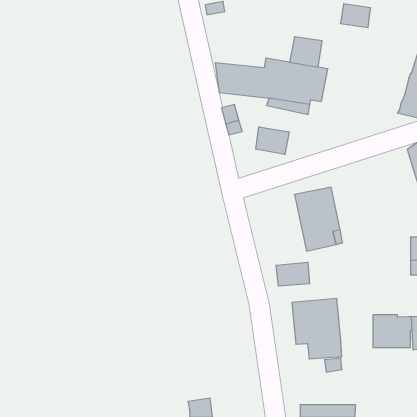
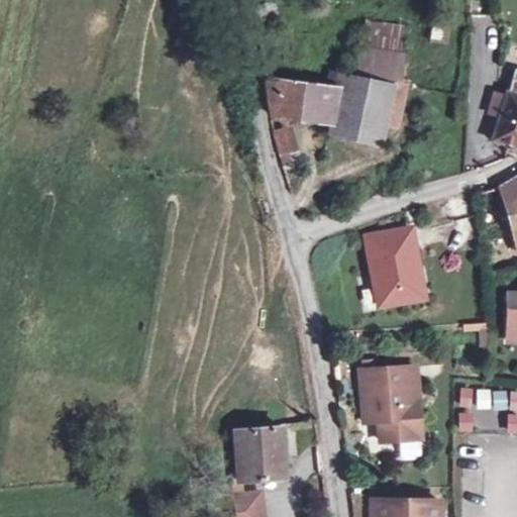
building: [340,4,371,28] -> [365,21,402,50]
building: [256,127,289,155] -> none
building: [276,262,309,286] -> none
building: none -> [224,426,285,482]

